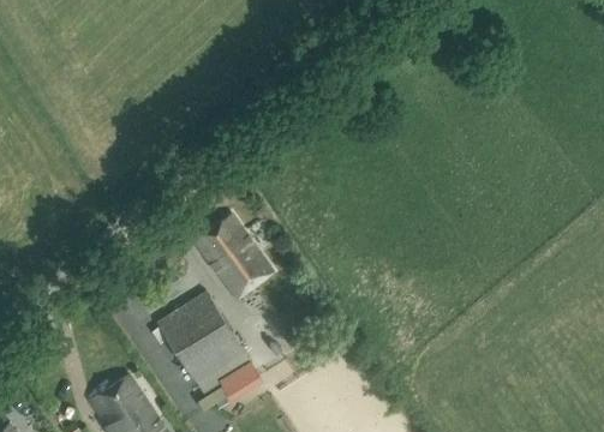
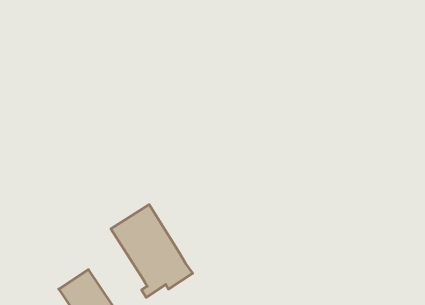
building: [196,214,273,298] -> none

